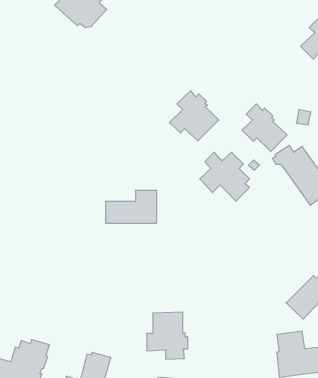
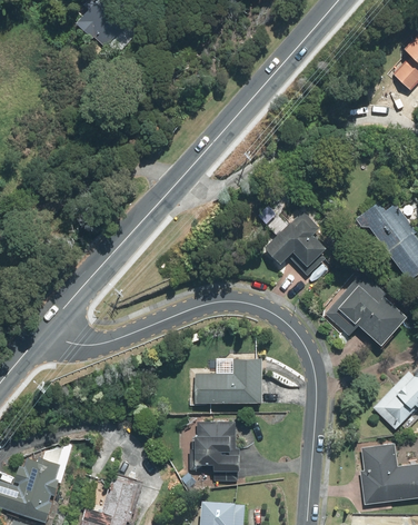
building: [169,91,219,141] -> none
building: [242,104,287,151] -> none
building: [105,191,157,223] -> [198,358,265,400]
building: none -> [325,271,404,345]

